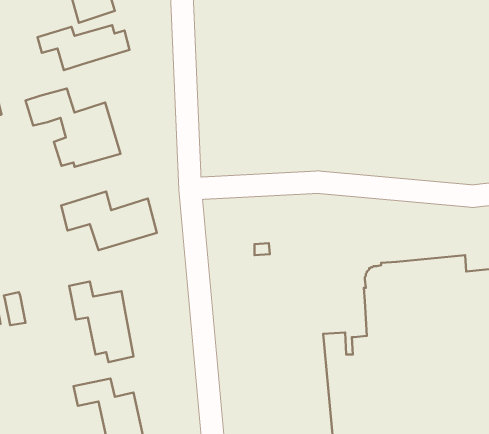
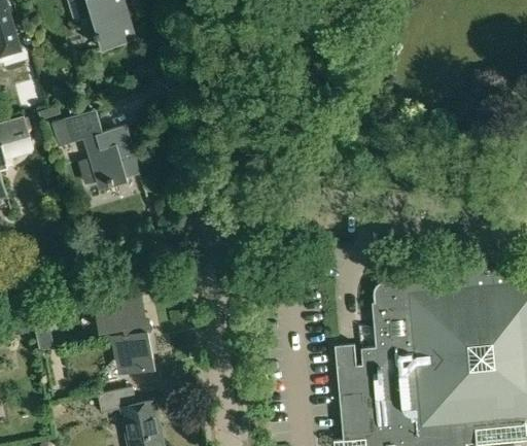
building: [38,25,130,70] -> none
building: [61,191,157,250] -> none

